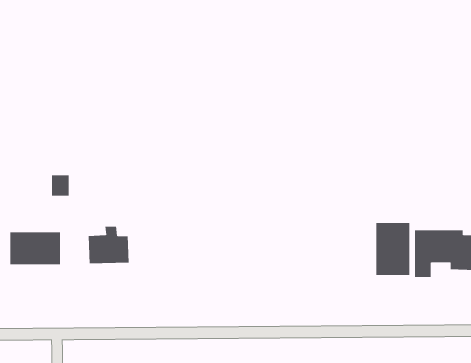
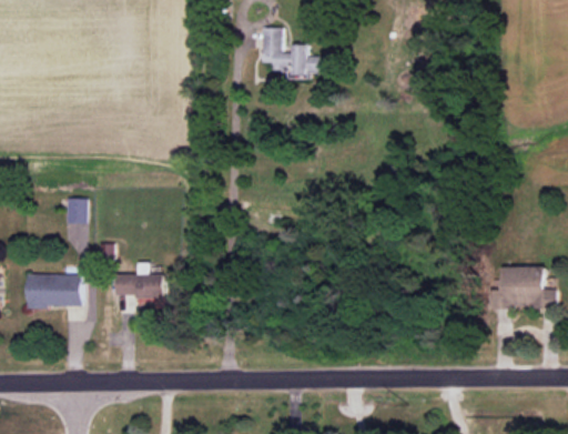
building: none -> [264,31,331,77]
building: [376,222,410,276] -> none

